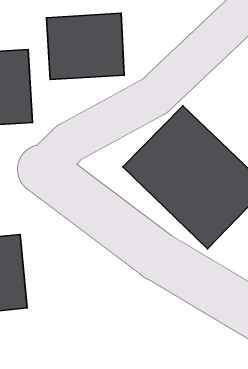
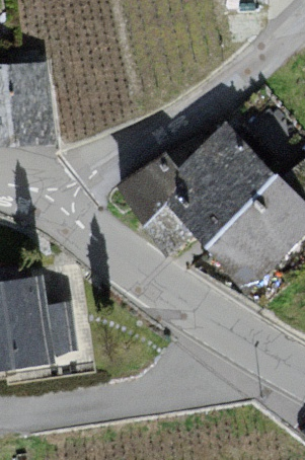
building: [46,13,124,80] -> none

